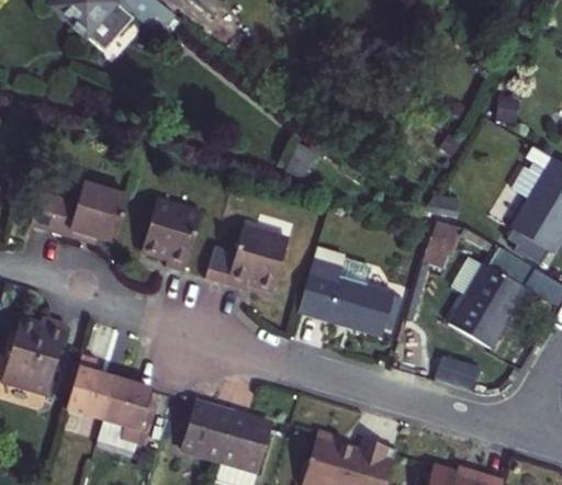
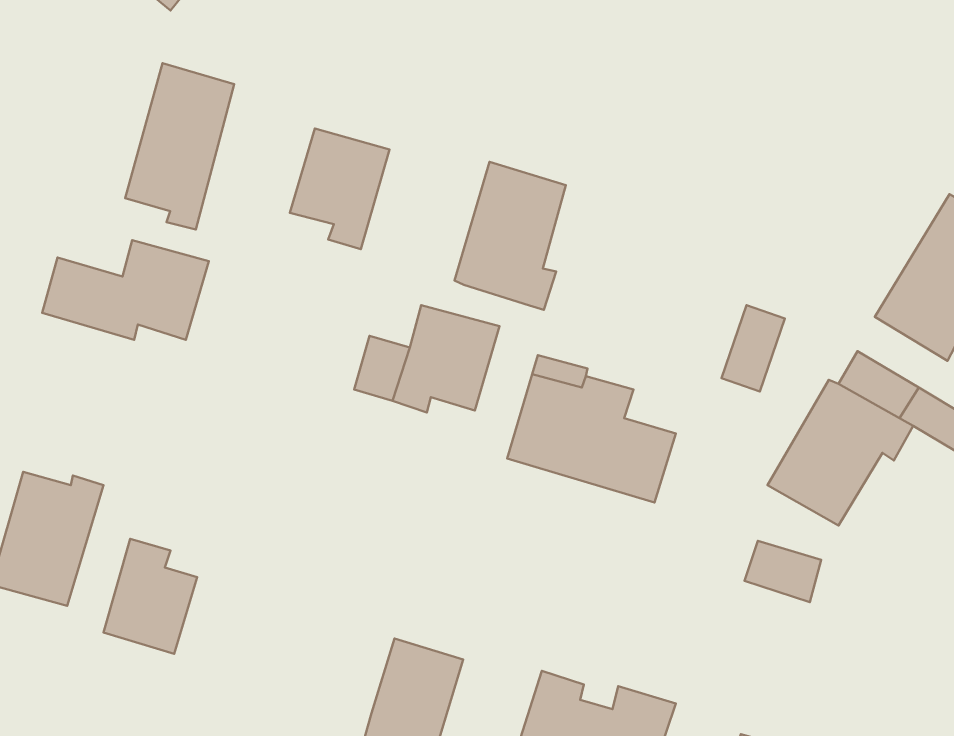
building: none -> [125,63,234,229]
building: none -> [455,162,566,310]
building: [144,200,201,269] -> [290,129,389,249]
building: [108,377,161,444] -> none
building: [186,403,234,455] -> none

